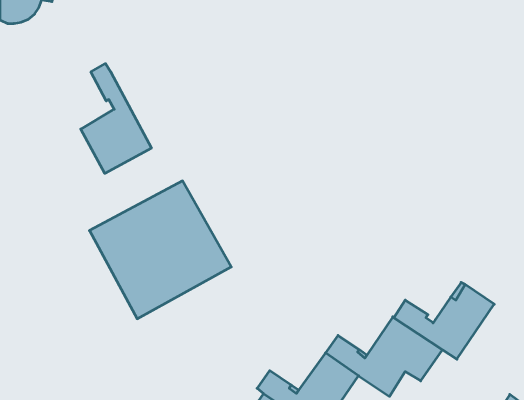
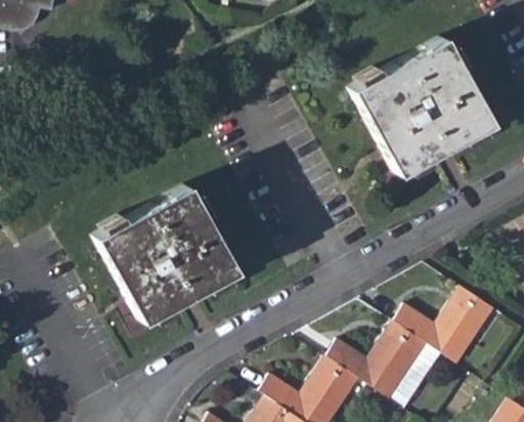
building: none -> [349,37,488,173]
building: [81,64,151,173] -> none

